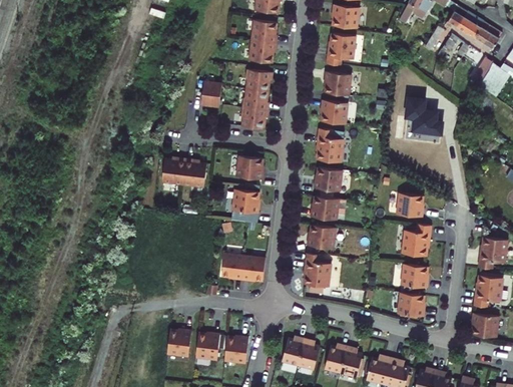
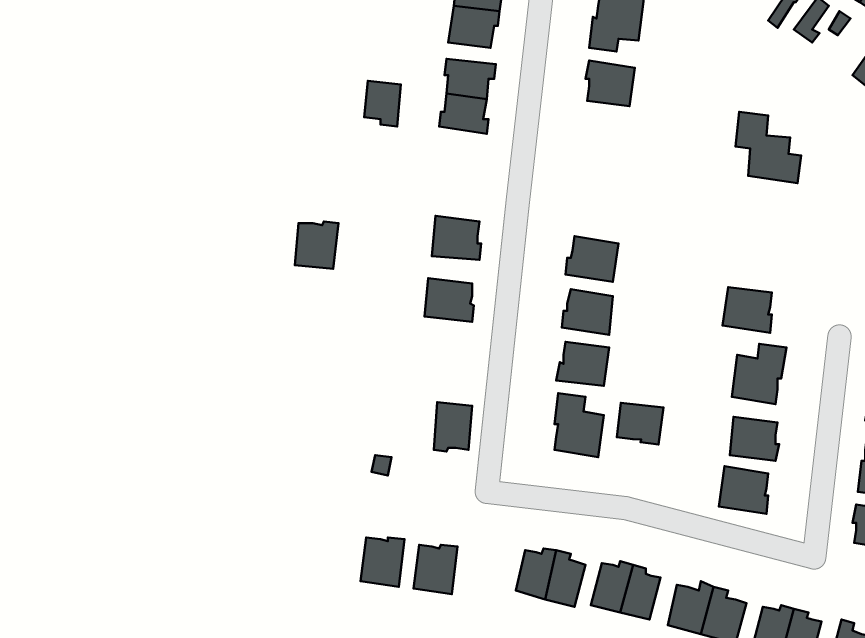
building: [320,98,347,123] -> none
building: [241,105,269,127] -> none
building: [315,127,342,161] -> none
building: [184,158,208,185] -> none
building: [219,255,241,283] -> none
building: none -> [617,403,663,445]
building: [171,327,195,354] -> none

